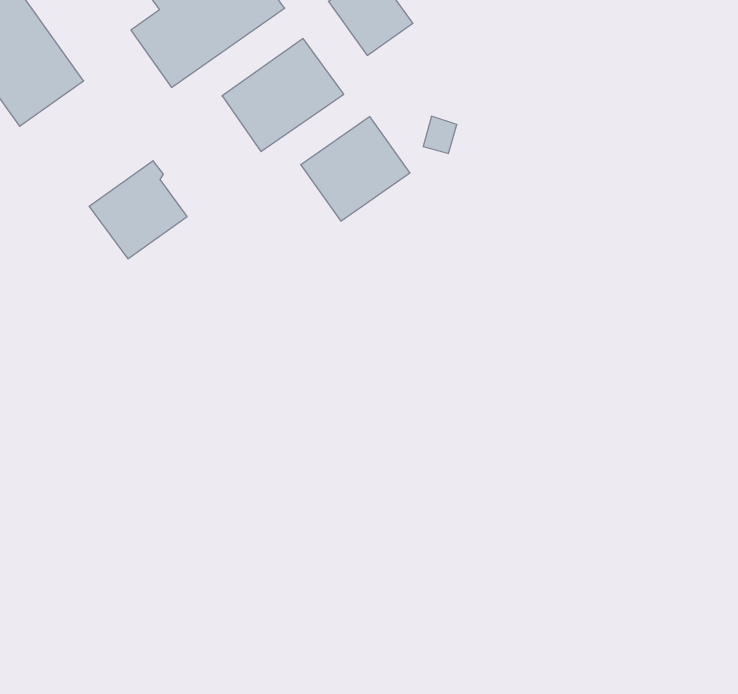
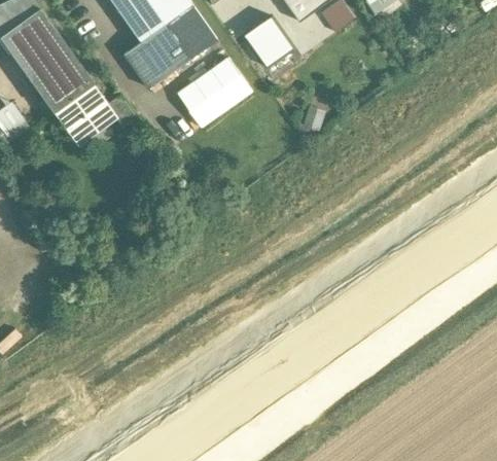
building: [301,117,410,221] -> none
building: [89,161,187,259] -> [55,83,114,143]

